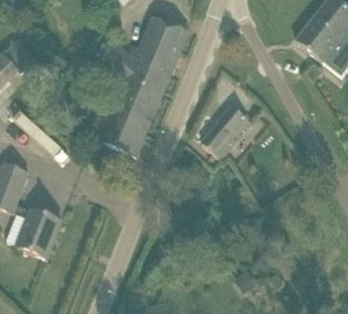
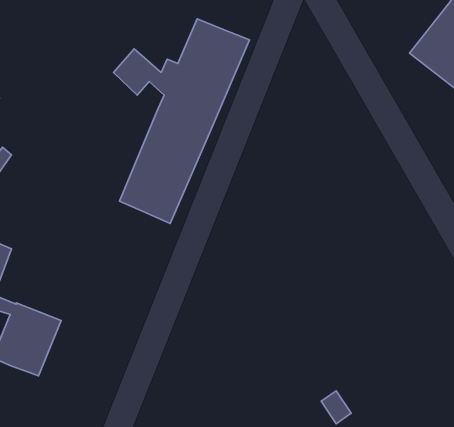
building: [203,106,251,159] -> none

